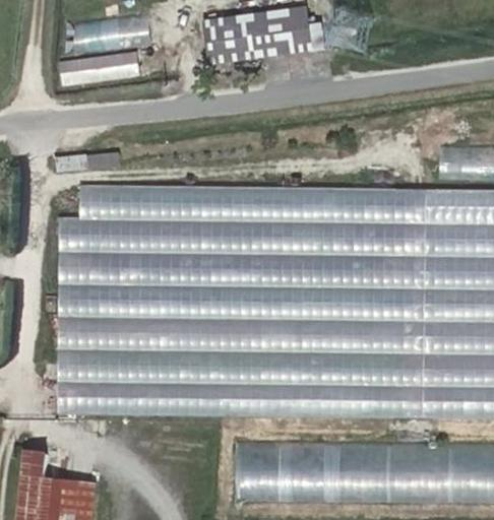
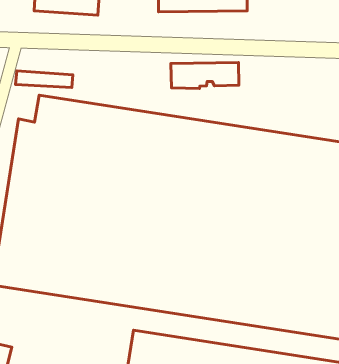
building: none -> [171,63,239,88]

